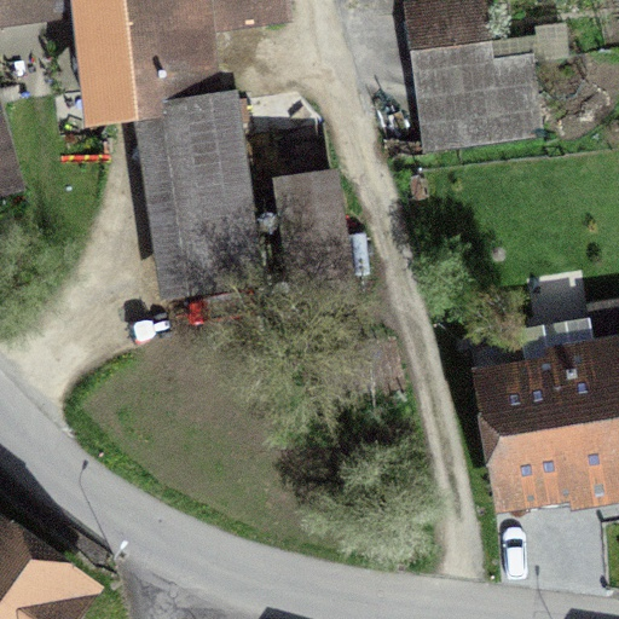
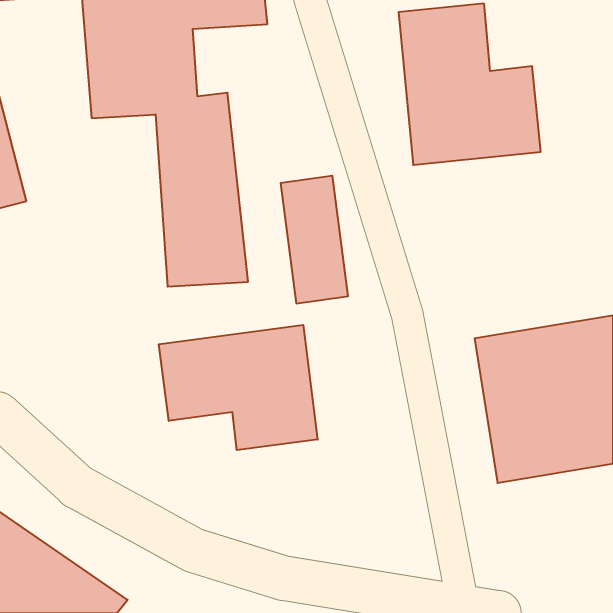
building: none -> [159,325,318,450]

